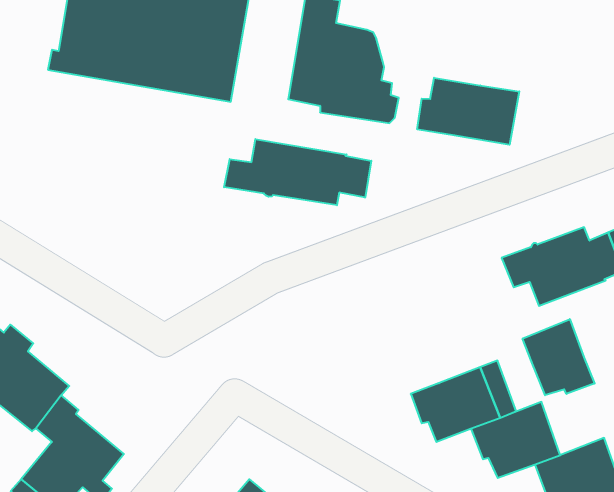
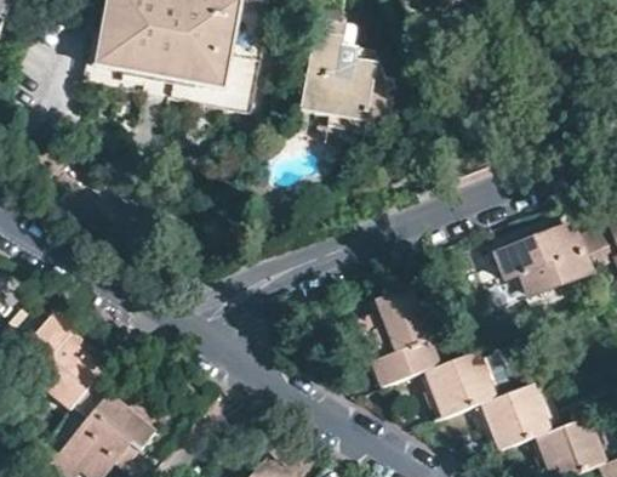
building: [417,78,519,145] -> none
building: [224,139,371,205] -> none
building: none -> [358,285,440,387]
building: [523,319,595,395] -> none

